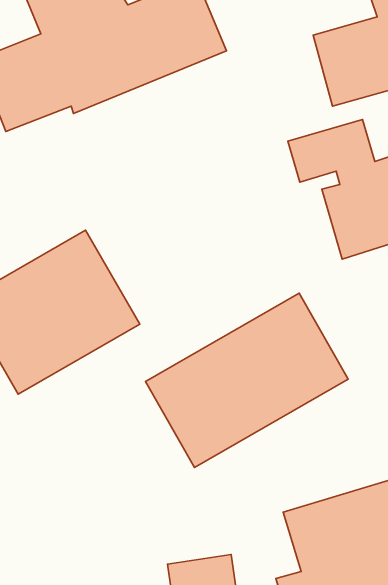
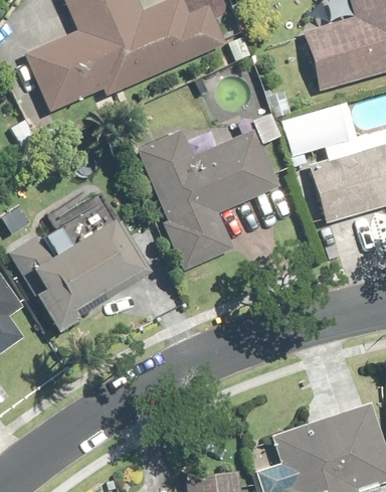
building: none -> [132,130,280,272]
building: [145,293,348,467] -> none

